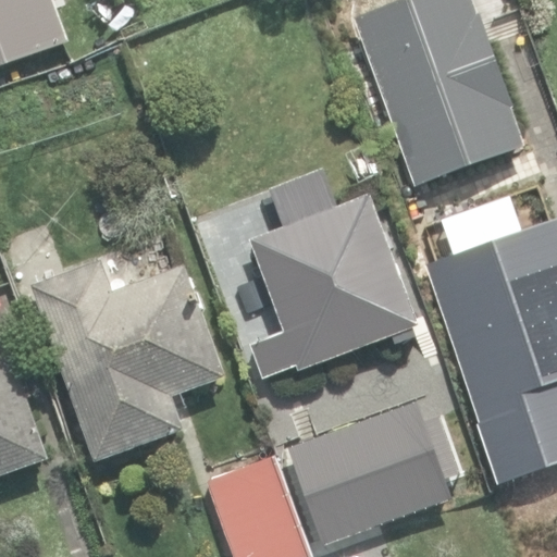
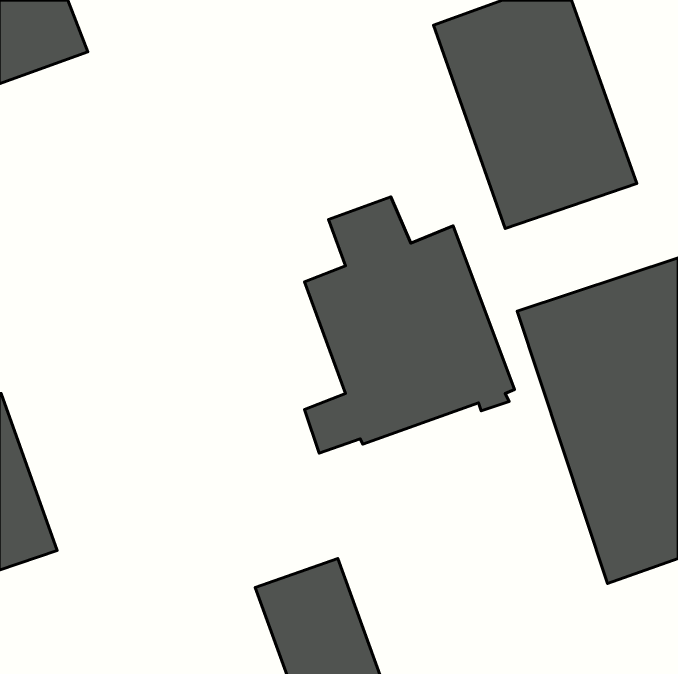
building: [34,264,230,468] -> none
building: [288,395,455,541] -> none

